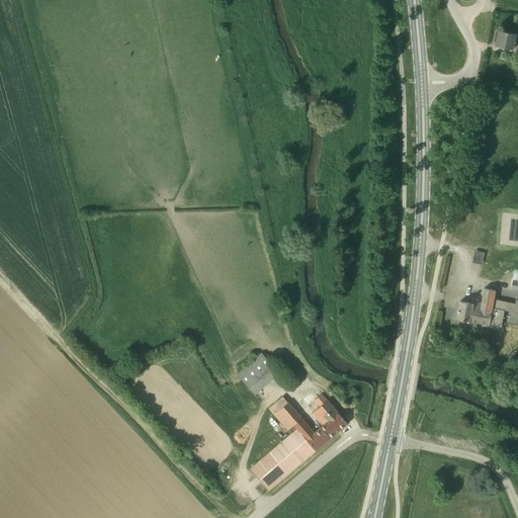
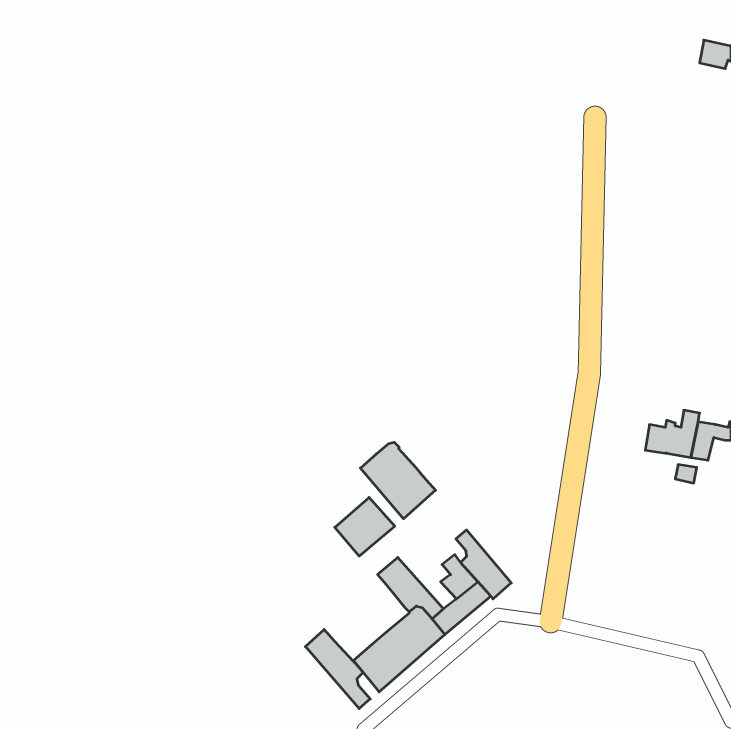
building: none -> [360,442,436,519]
building: none -> [456,530,511,599]
building: none -> [305,629,370,709]

